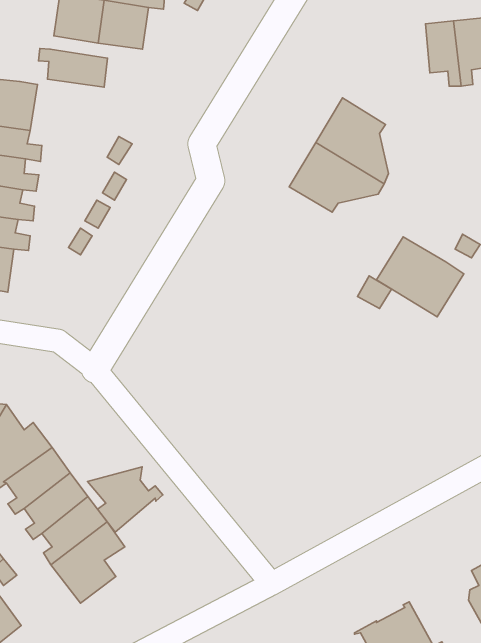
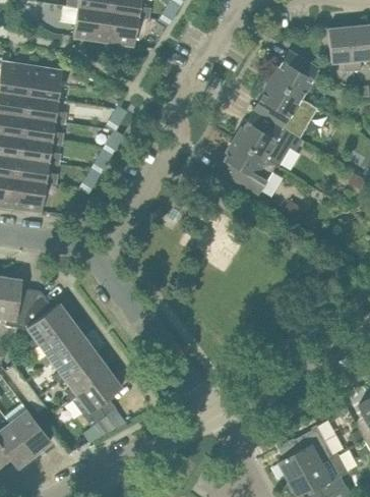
building: [38,48,108,87] -> none
building: none -> [271,50,319,98]
building: [376,237,464,317] -> [217,141,276,196]
building: [88,467,163,532] -> none

